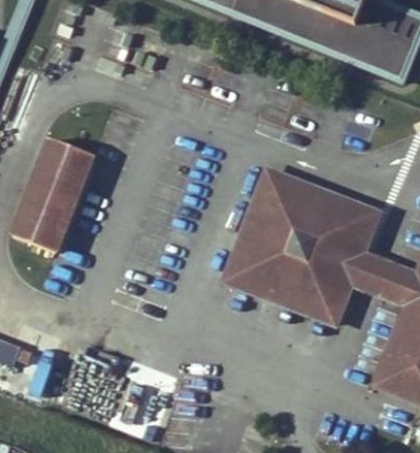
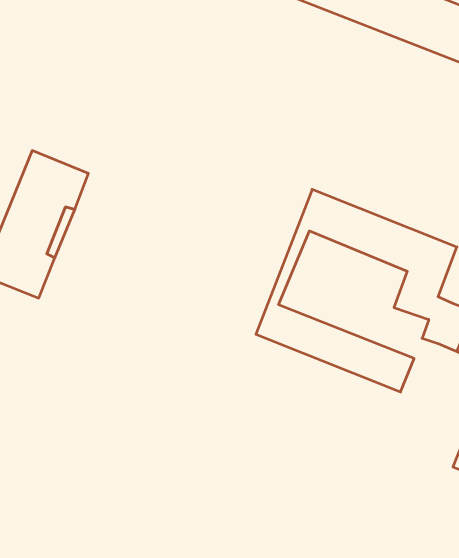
building: [243,199,358,297] -> none

